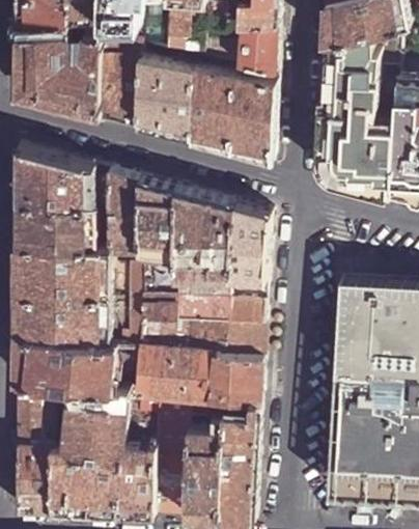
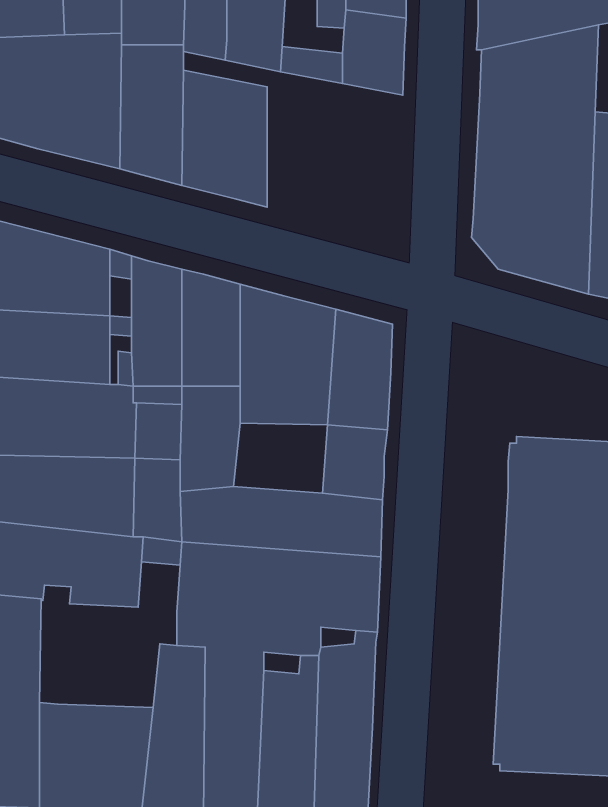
building: [191,64,274,160] -> none
building: [170,273,228,316] -> none
building: [61,384,135,449] -> none

